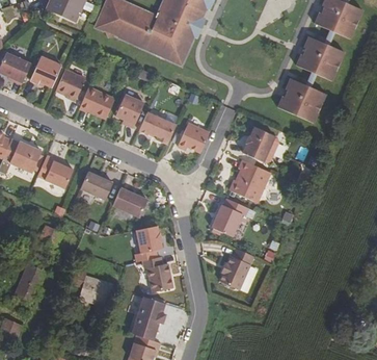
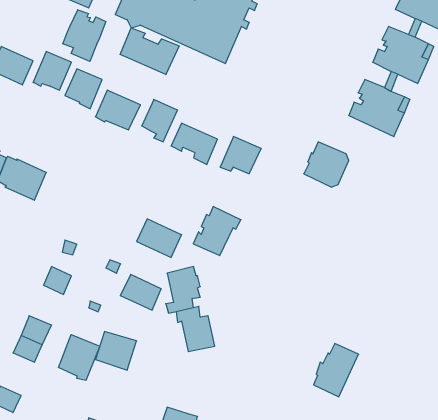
building: none -> [63,10,106,61]
building: none -> [120,28,179,75]
building: [39,154,72,188] -> none
building: [228,159,270,202] -> none
building: [79,172,111,200] -> [120,274,161,310]
building: [211,198,248,236] -> [193,207,241,256]
building: [219,248,254,289] -> [314,344,359,397]
building: none -> [58,335,100,380]
building: [130,295,164,340] -> none

